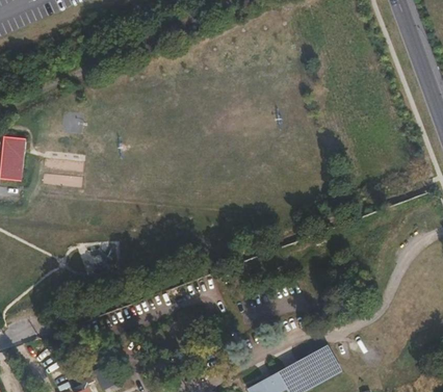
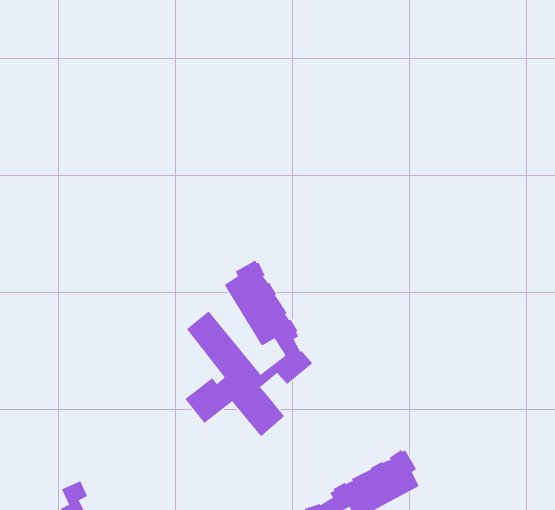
building: none -> [184,260,313,437]

